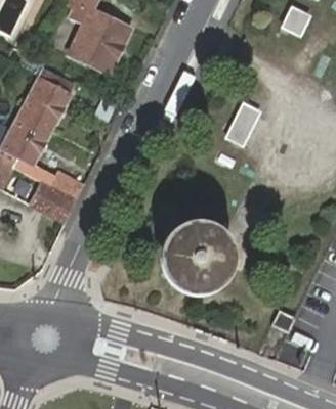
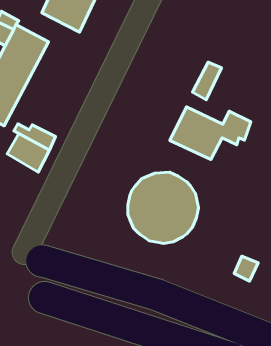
building: none -> [170,107,251,159]

